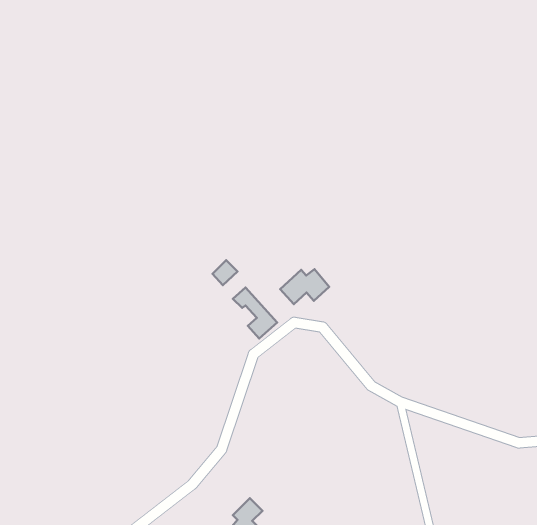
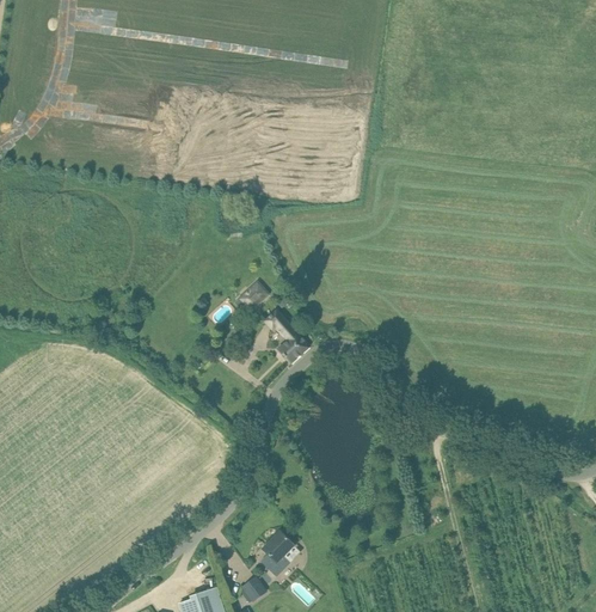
building: [280,269,329,304] -> none

